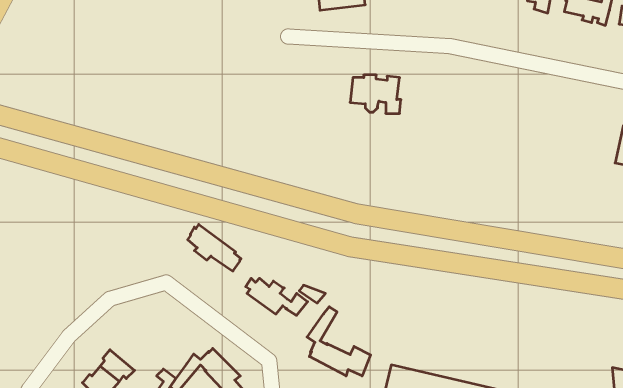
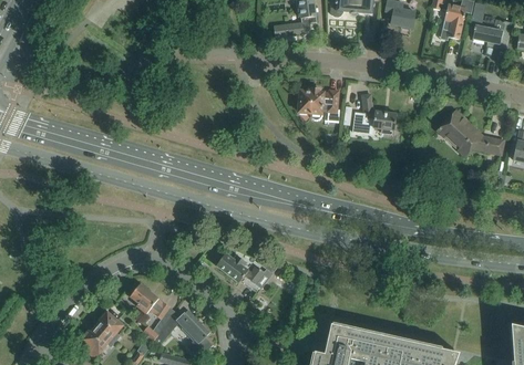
building: none -> [352,95,397,135]
building: none -> [438,111,504,156]
building: [188,224,241,271] -> [131,284,174,322]
building: [307,307,371,376] -> none

